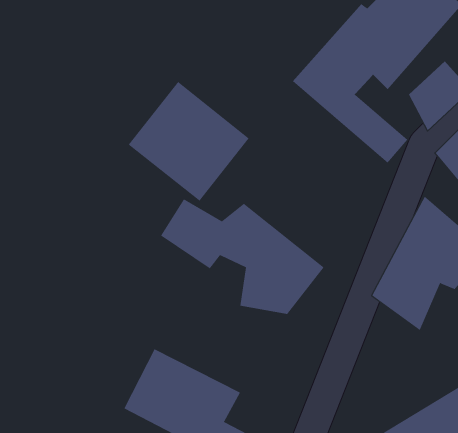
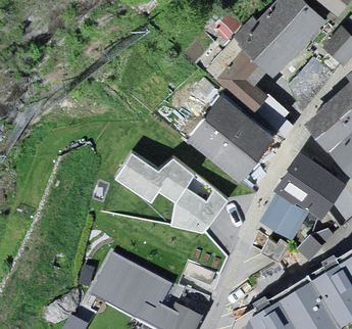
building: [128,81,250,202] -> [189,95,273,179]

